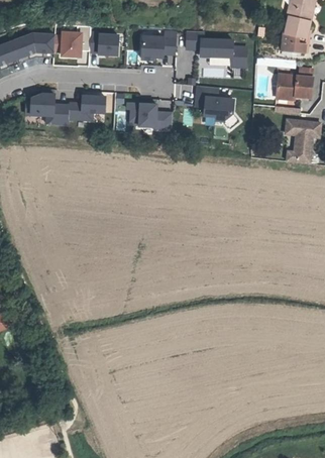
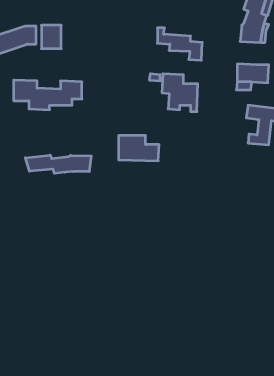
building: [94,31,117,55] -> none
building: [138,34,175,58] -> none
building: [126,101,172,129] -> [119,136,159,161]
building: none -> [25,155,91,173]

